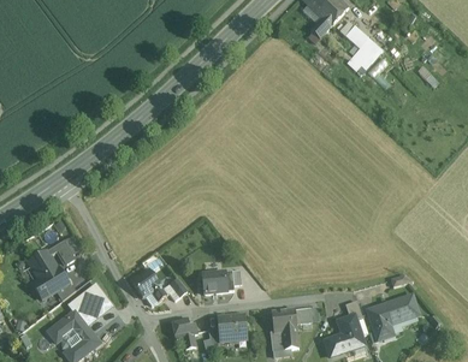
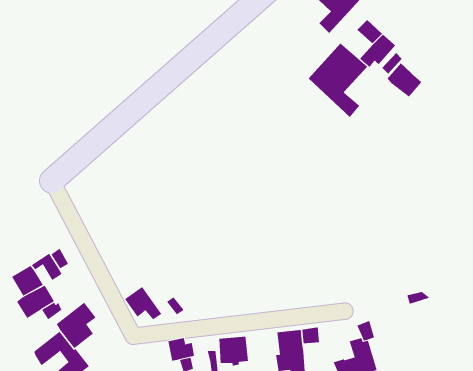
building: none -> [308,42,368,118]
building: none -> [387,63,422,97]
building: [202,271,235,293] -> none
building: [368,295,419,339] -> none

